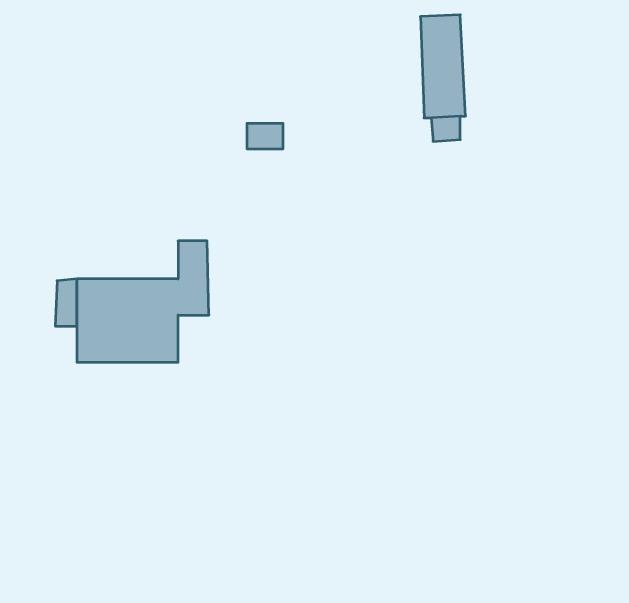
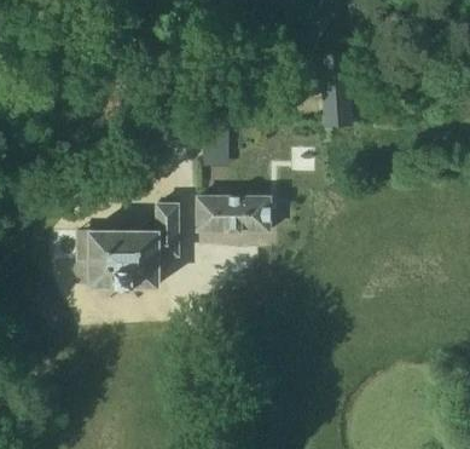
building: none -> [198,196,271,230]

